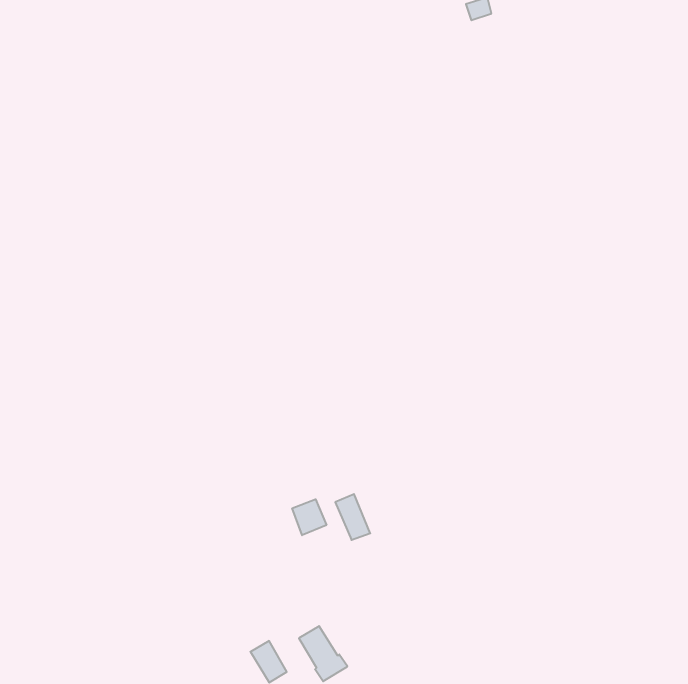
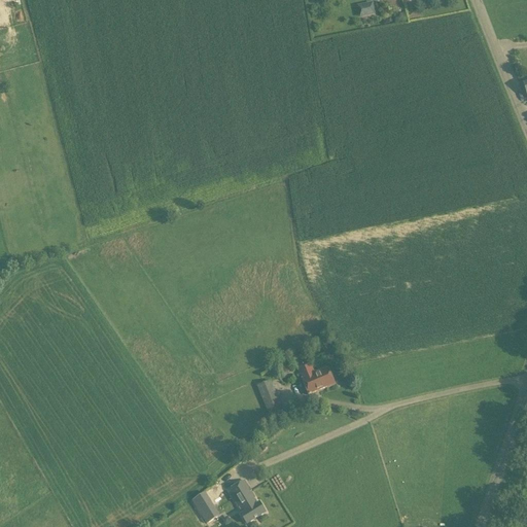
building: none -> [295,353,335,393]
building: [292,499,326,535] -> none

